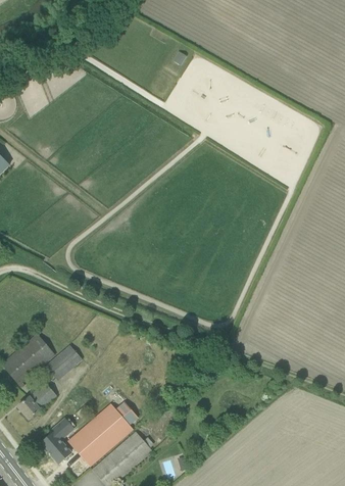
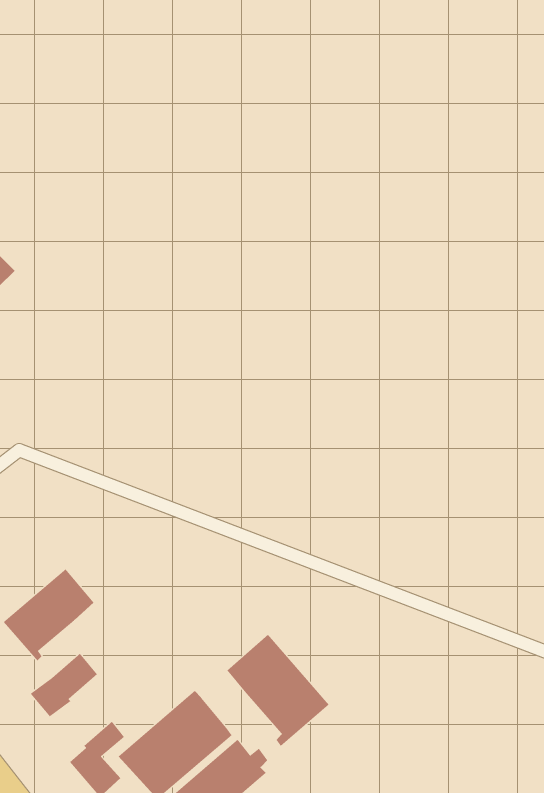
building: [45,345,82,380] -> none
building: none -> [227,634,330,747]

